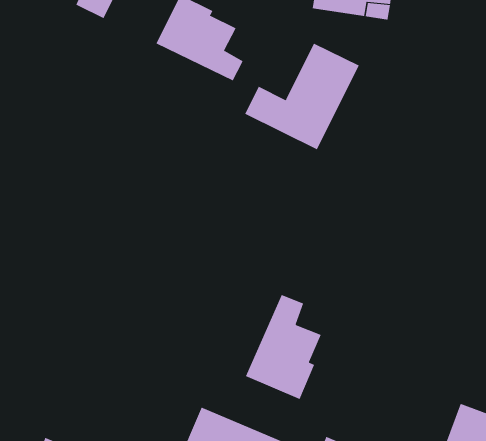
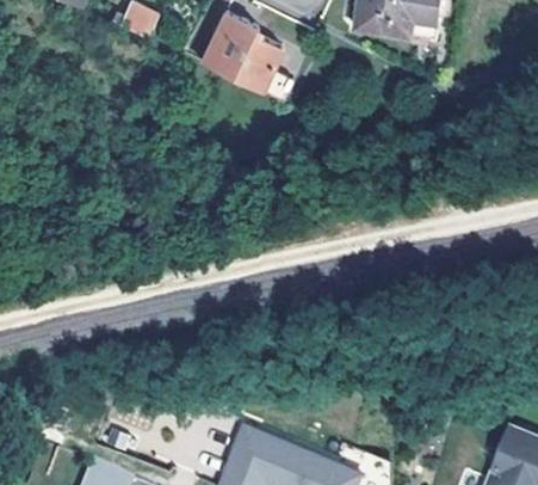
building: [244,43,360,150] -> none
building: [245,294,321,400] -> none

